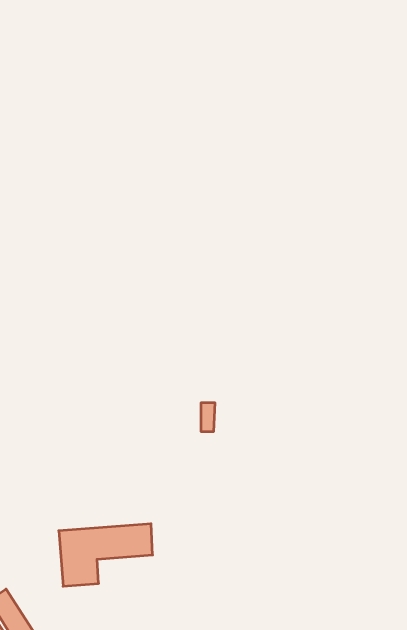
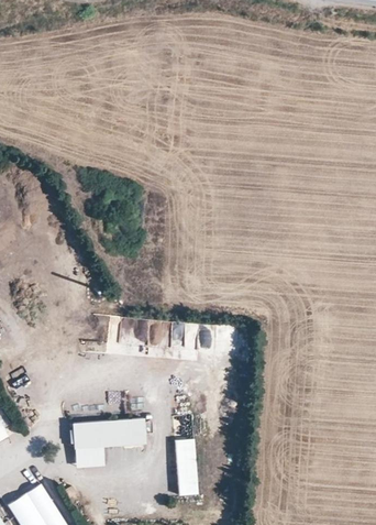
building: none -> [176,439,199,497]

